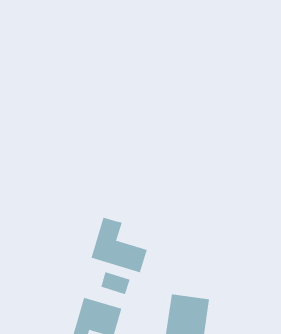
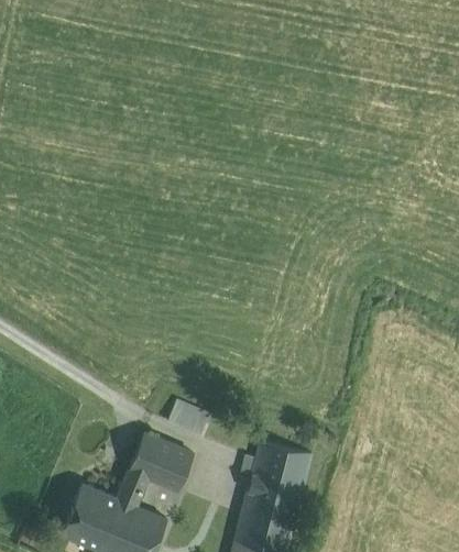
building: [91,217,148,273] -> none

